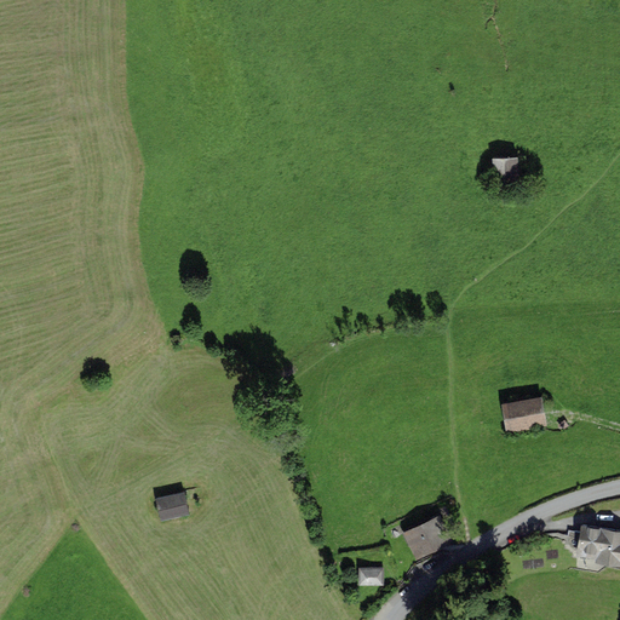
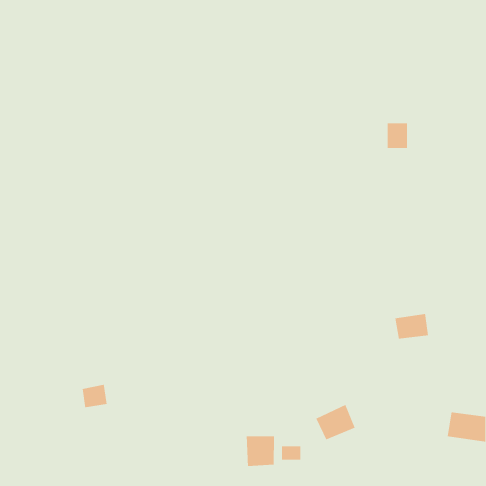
building: [159,487,191,517] -> [82,384,107,408]
building: none -> [246,435,274,467]

